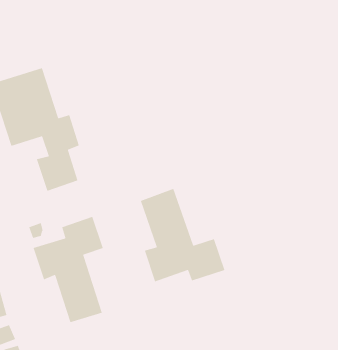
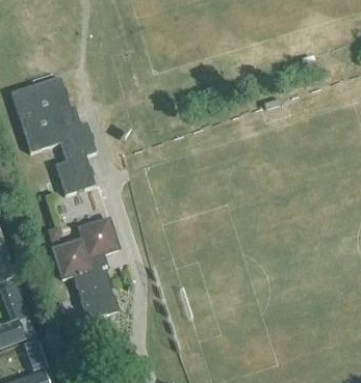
building: [140,188,225,283] -> none

